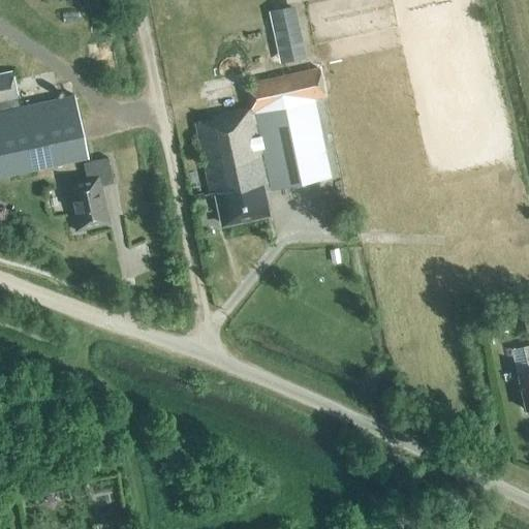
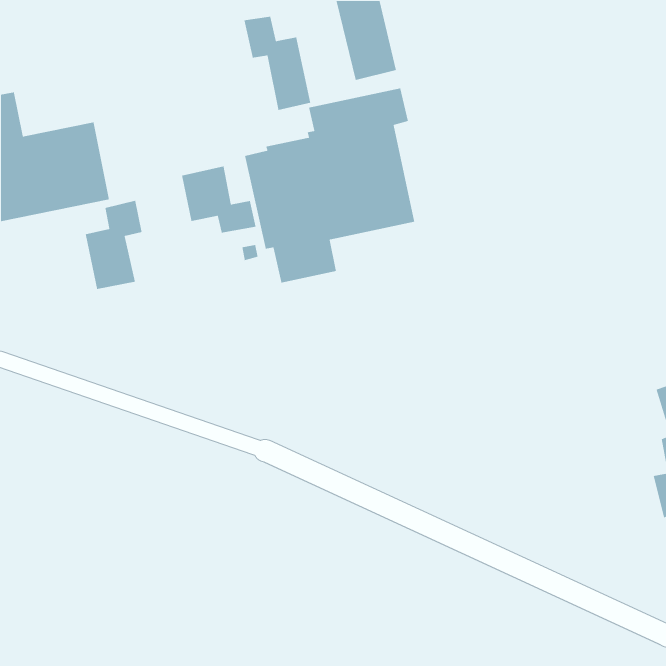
building: none -> [243,16,311,111]
building: none -> [181,165,256,234]

